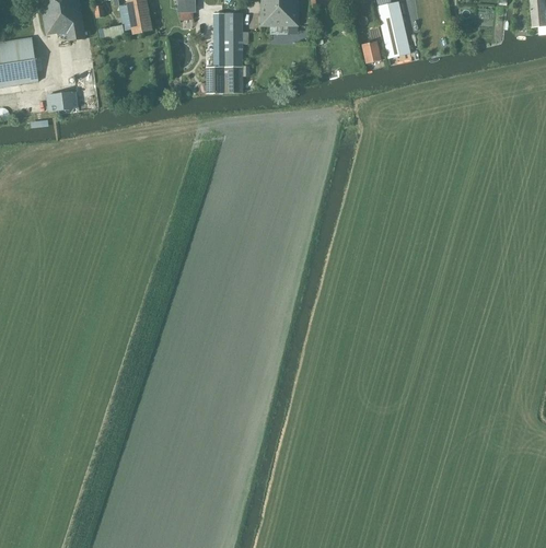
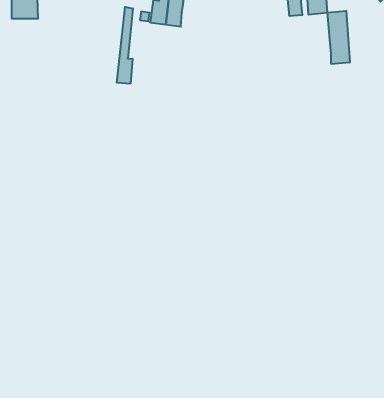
building: none -> [328,11,350,64]
building: none -> [117,7,133,84]

